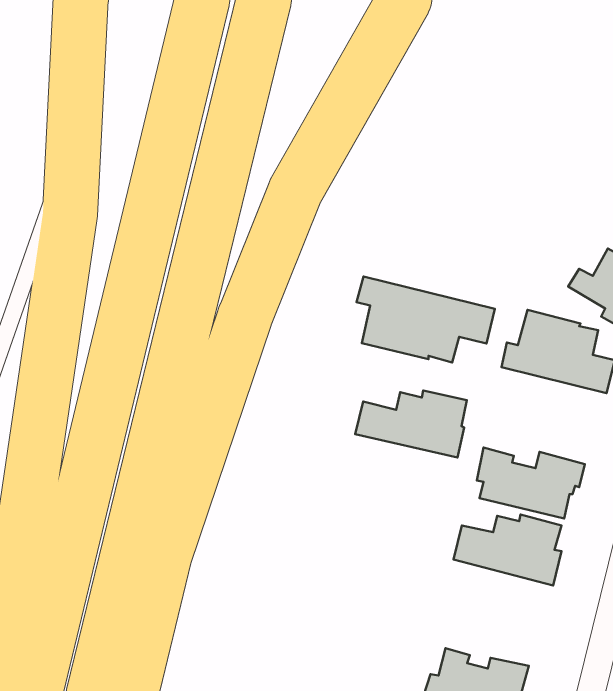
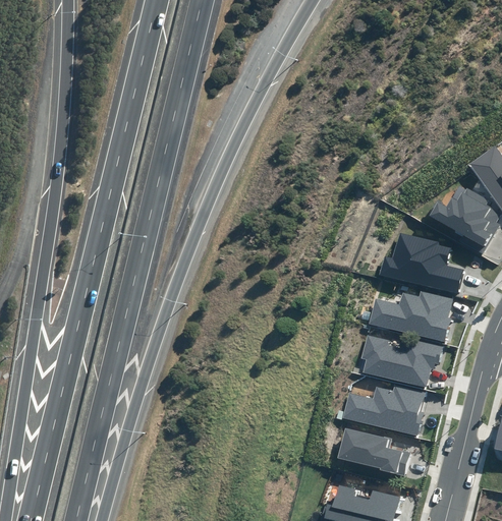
building: [356,277,495,362] -> none
building: [355,391,467,457] -> [370,291,453,341]
building: none -> [338,427,411,476]

